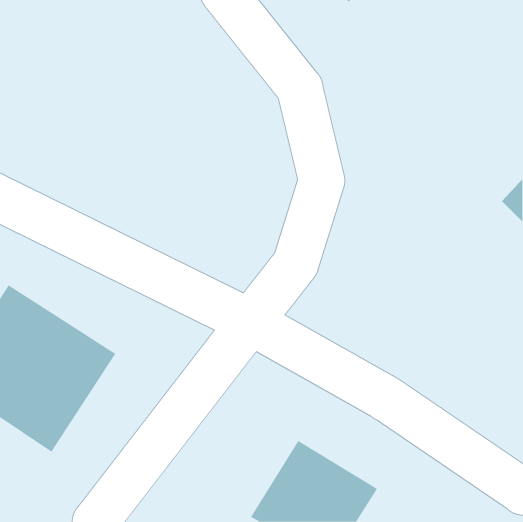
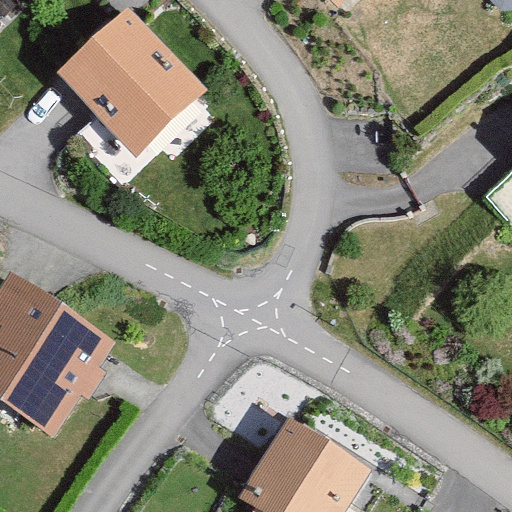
building: none -> [59,8,205,153]

